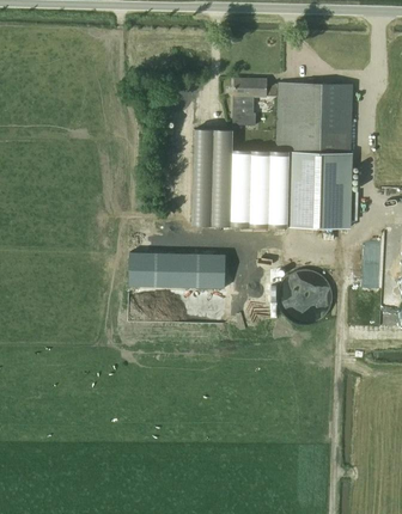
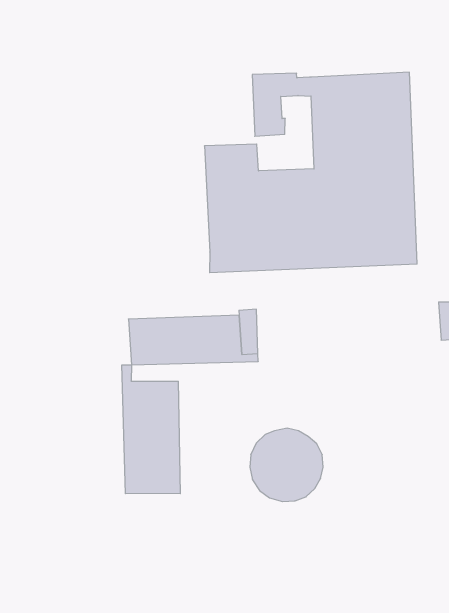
building: [280,270,335,325] -> [250,428,323,502]
building: none -> [122,365,180,494]

